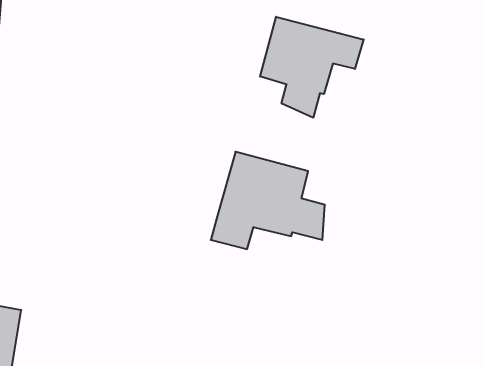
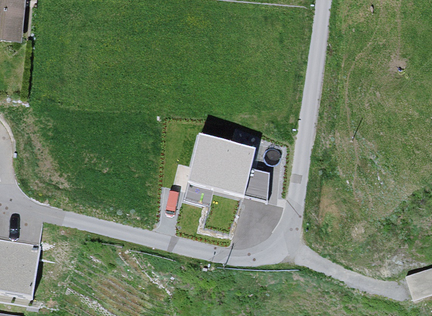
building: [260,17,364,118] -> none

